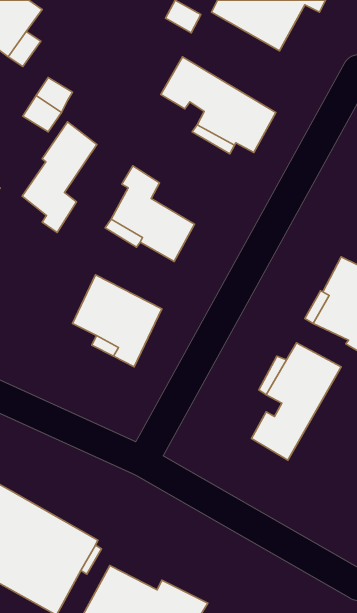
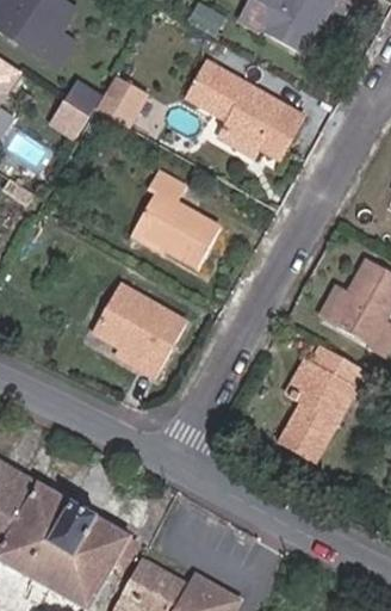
building: none -> [97,69,150,123]
building: [22,122,97,232] -> none

